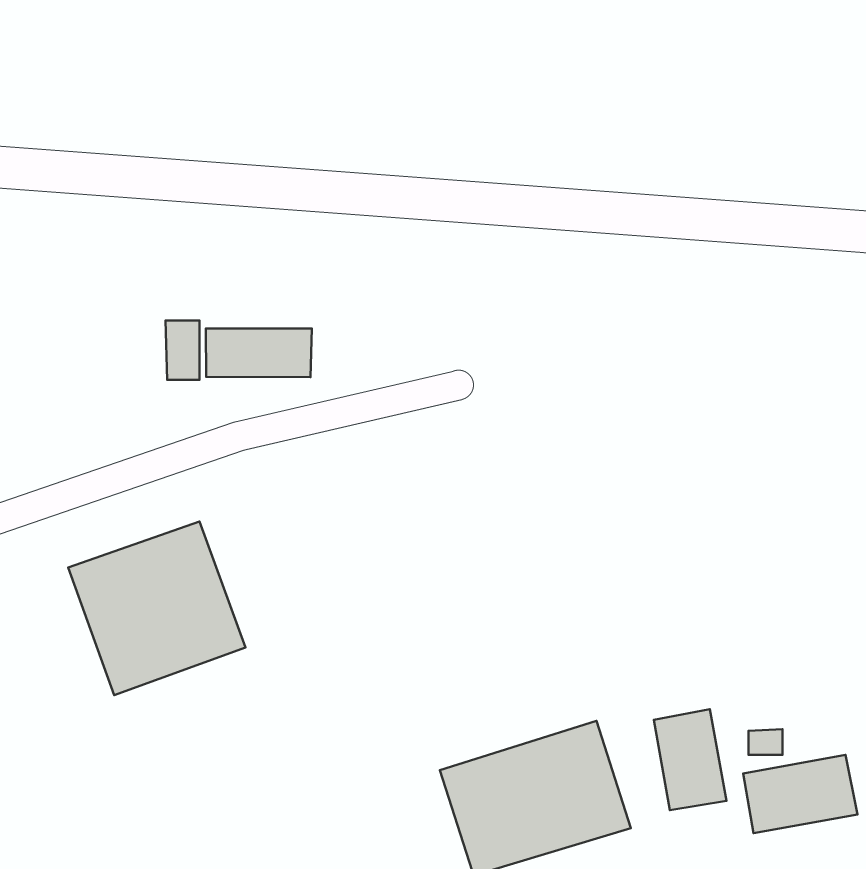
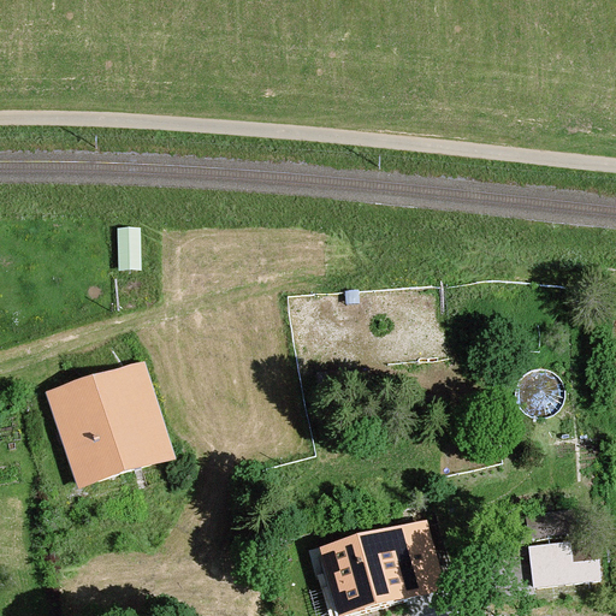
building: [206,329,312,377] -> none
building: [654,709,726,810] -> none

